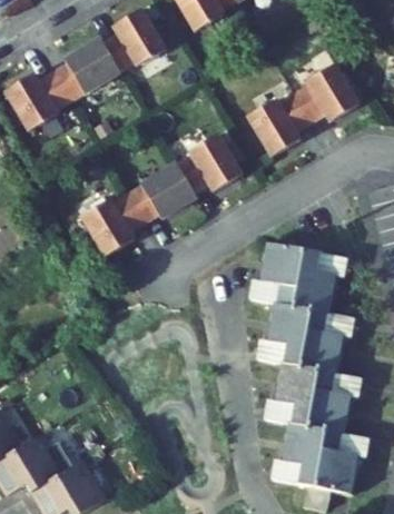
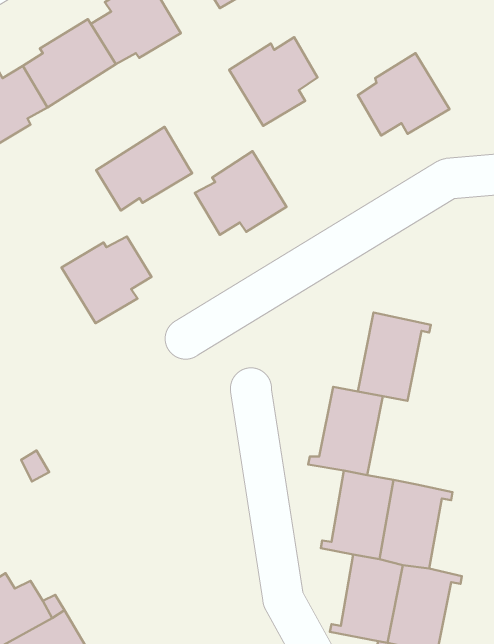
building: [246,92,309,156] -> [229,37,318,126]
building: [127,162,196,223] -> [96,127,192,210]
building: [250,241,304,305] -> none
building: [299,308,352,372] -> none

